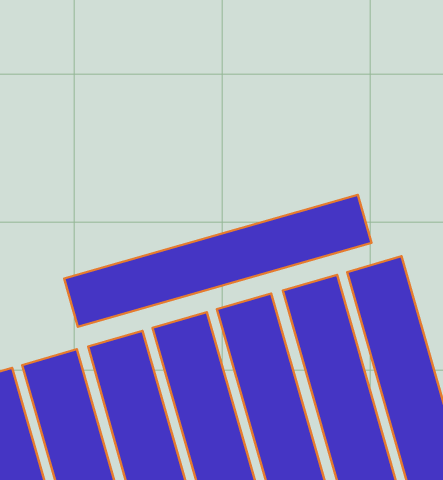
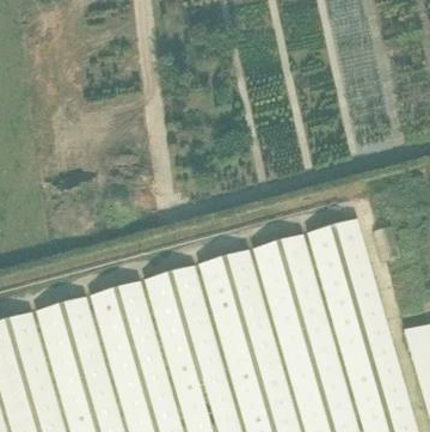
building: [64,195,371,327] -> none

